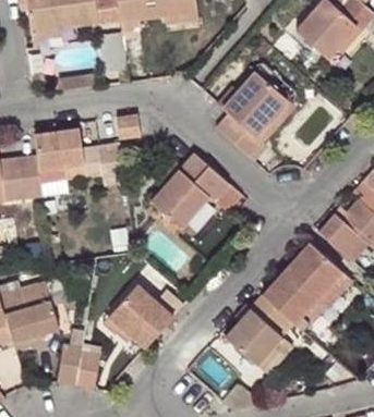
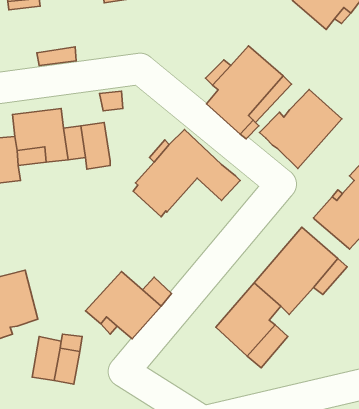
building: none -> [260,90,342,169]

